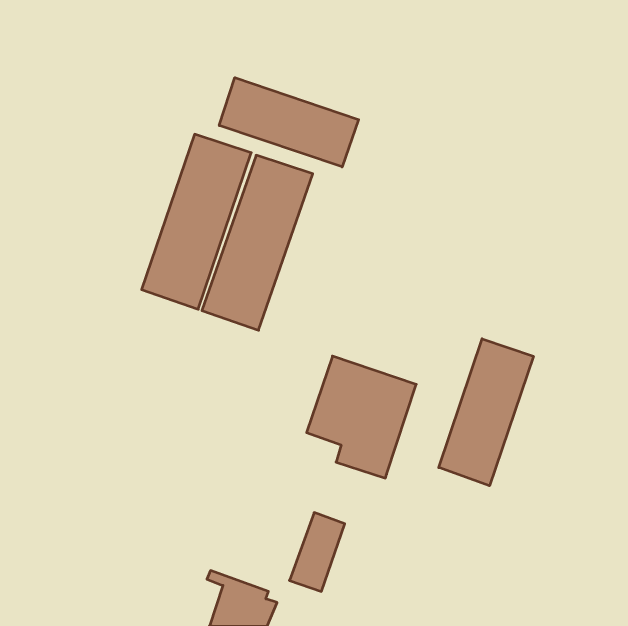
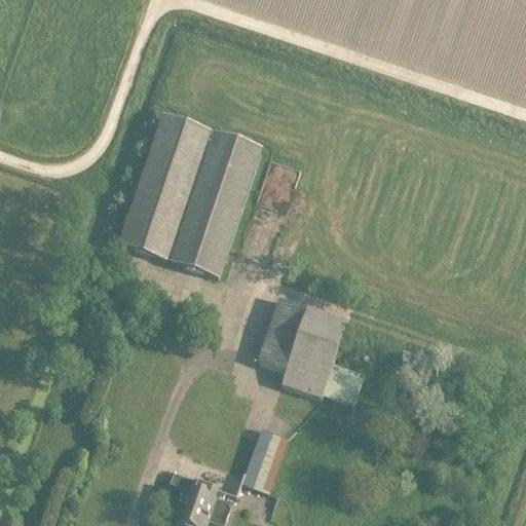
building: [219,78,359,167] -> none
building: [439,339,533,486] -> none

